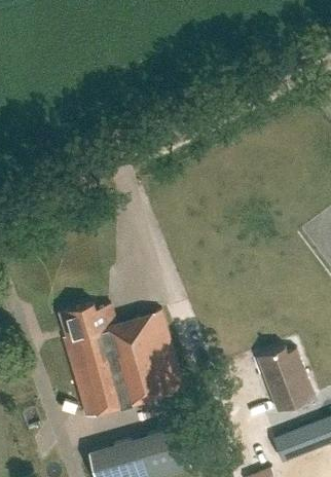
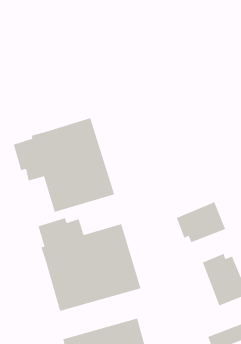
building: none -> [13,117,115,213]
building: none -> [176,201,226,243]

